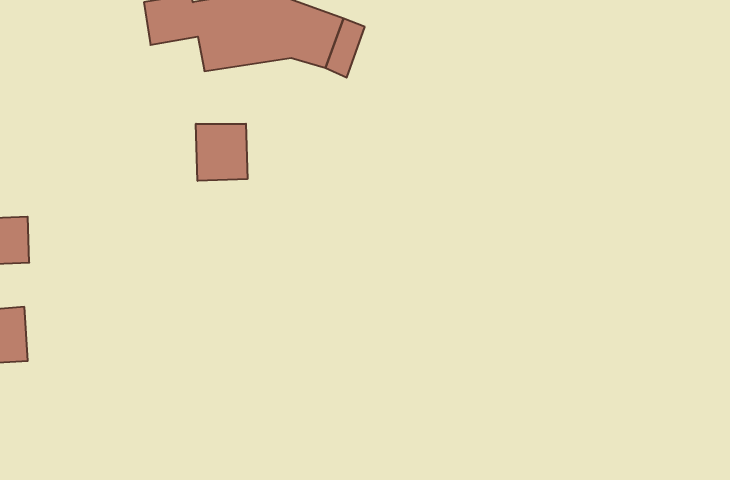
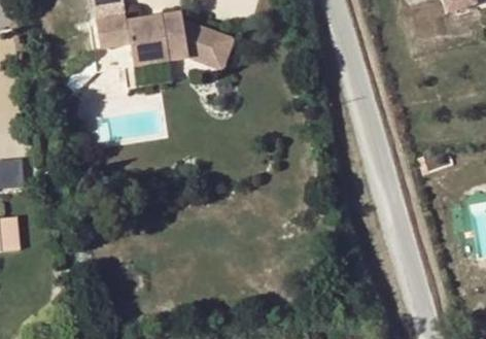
building: [196,124,247,181] -> none

